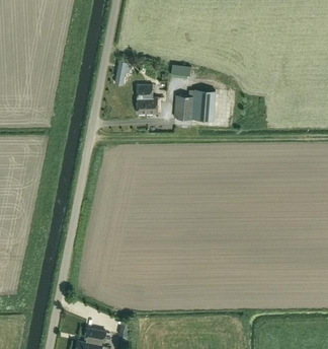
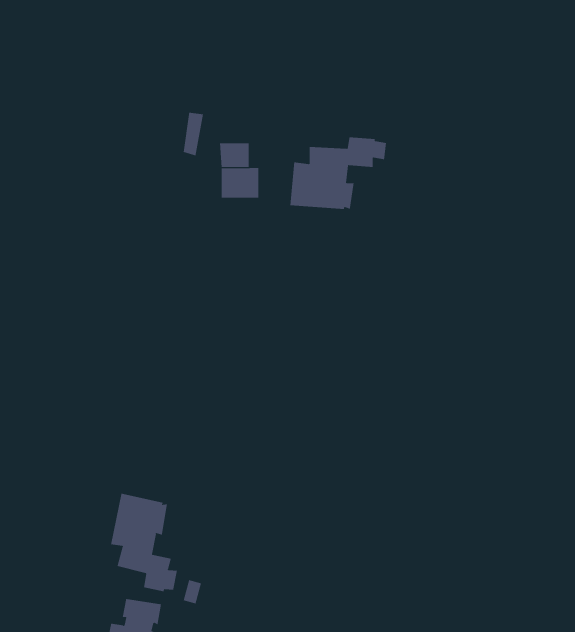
building: none -> [110,493,178,592]

